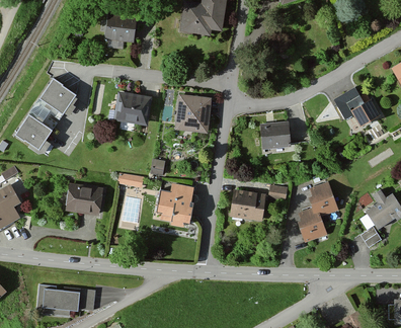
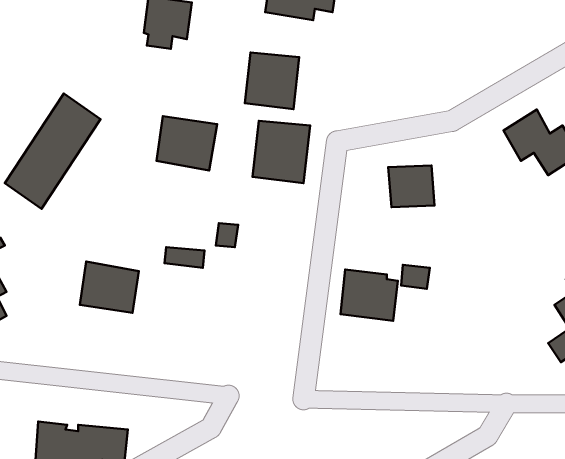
building: none -> [245,52,299,109]
building: [297,182,337,242] -> none
building: [155,184,193,227] -> none

